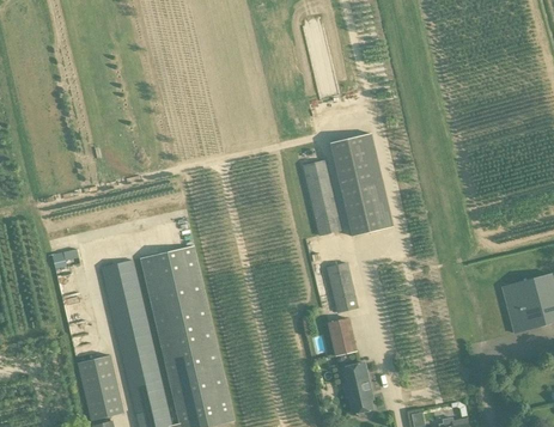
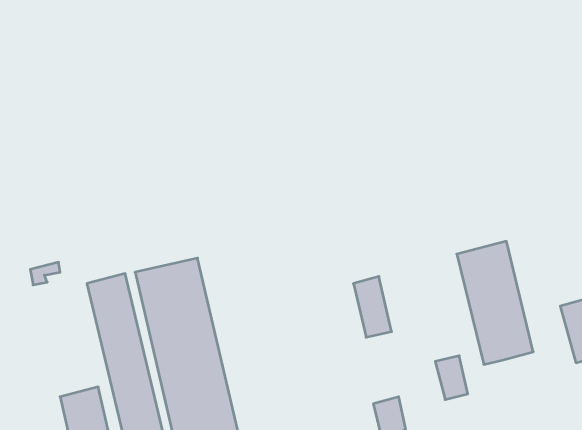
building: [329,132,394,236] -> [457,241,533,364]
building: [302,159,342,236] -> none
building: [328,318,355,355] -> [435,356,468,400]

